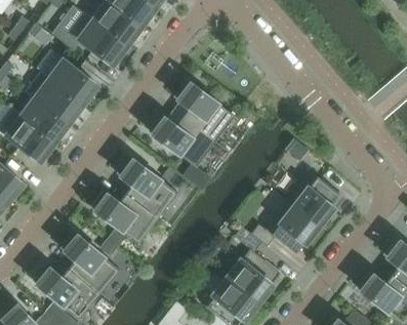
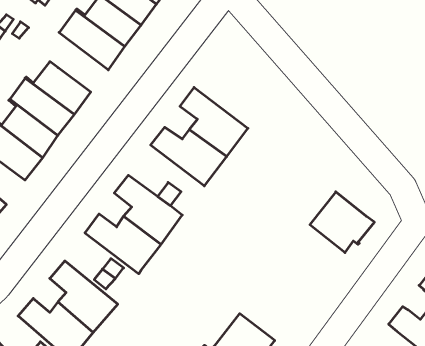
building: [266,201,319,254] -> none
building: [227,228,283,302] -> none

